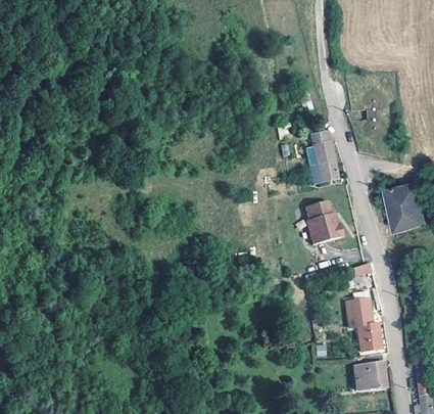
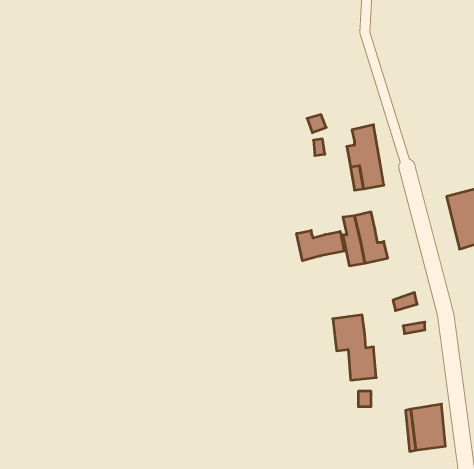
building: none -> [297,230,344,261]
building: [346,300,381,352] -> [333,315,376,380]

